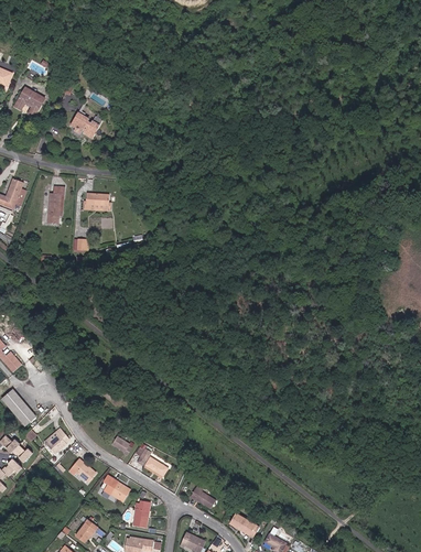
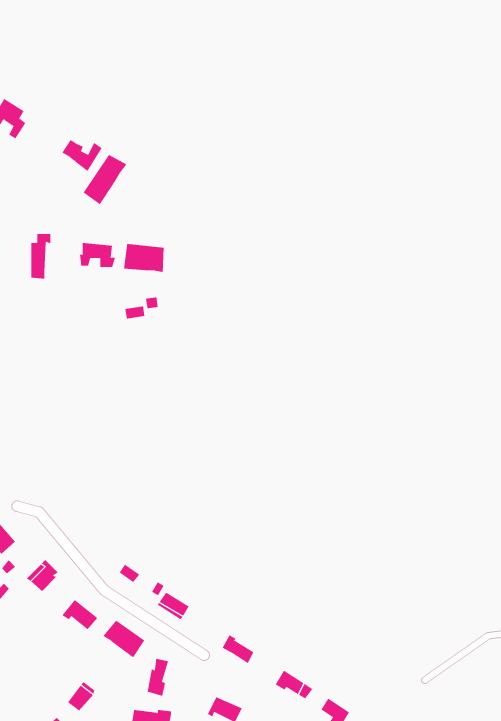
building: none -> [83,154,127,205]
building: none -> [124,243,164,273]

